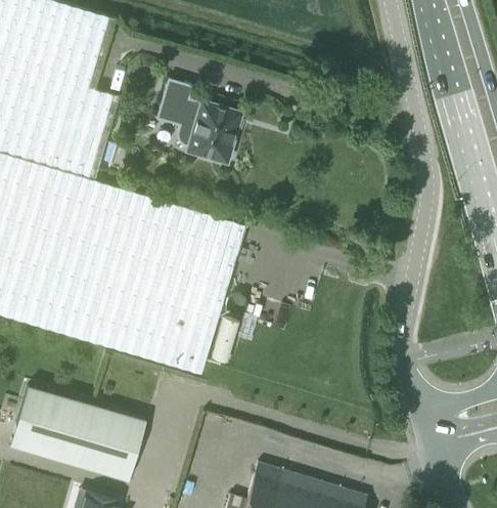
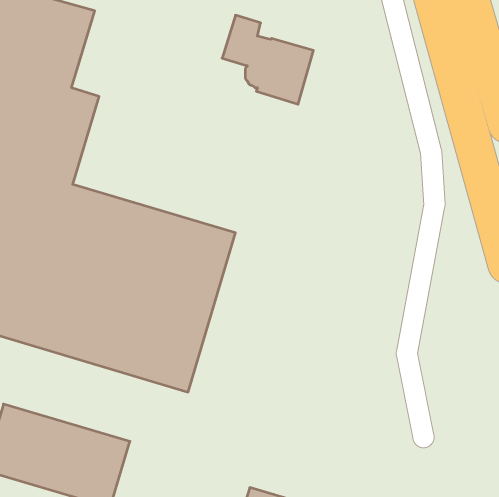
building: [155,80,240,163] -> [222,15,313,104]

